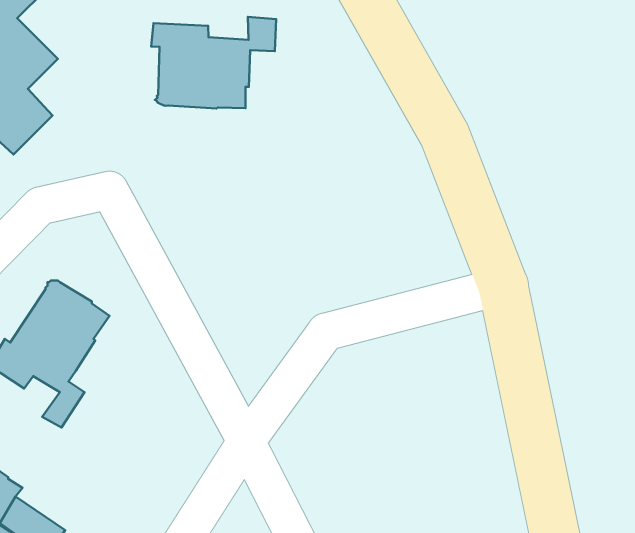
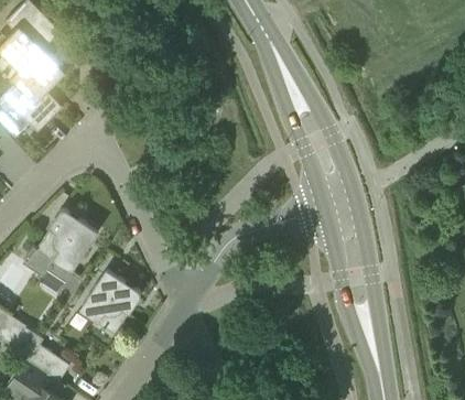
building: [151,17,276,109] -> none
building: none -> [78,271,140,334]

